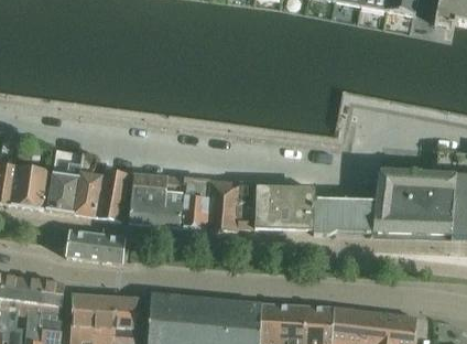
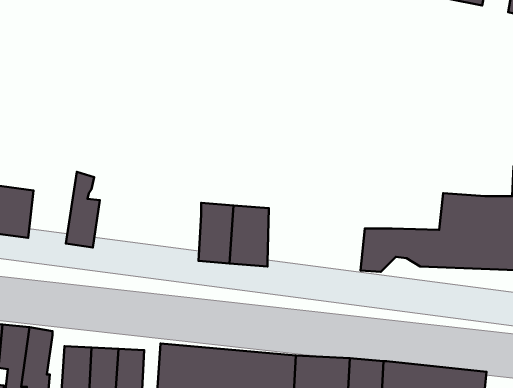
building: [47,148,83,212] -> none
building: [96,169,129,219] -> none
building: [129,174,184,226] -> none
building: [238,180,315,230] -> none
building: [67,229,124,264] -> none

